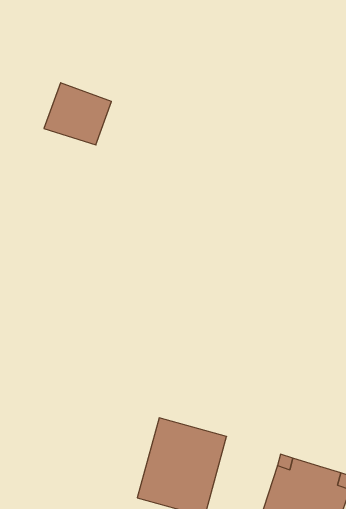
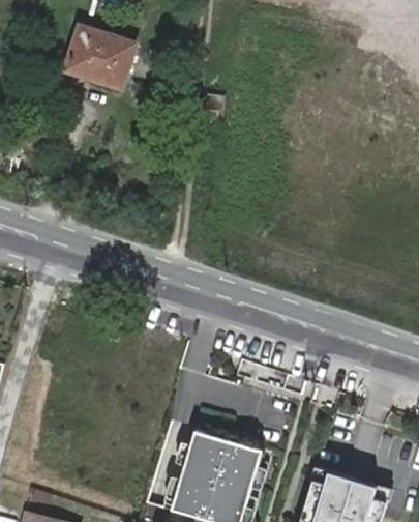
building: [44,83,111,145] -> [64,29,131,91]

